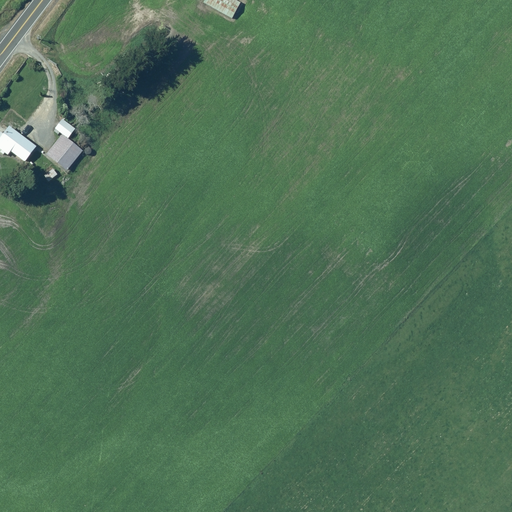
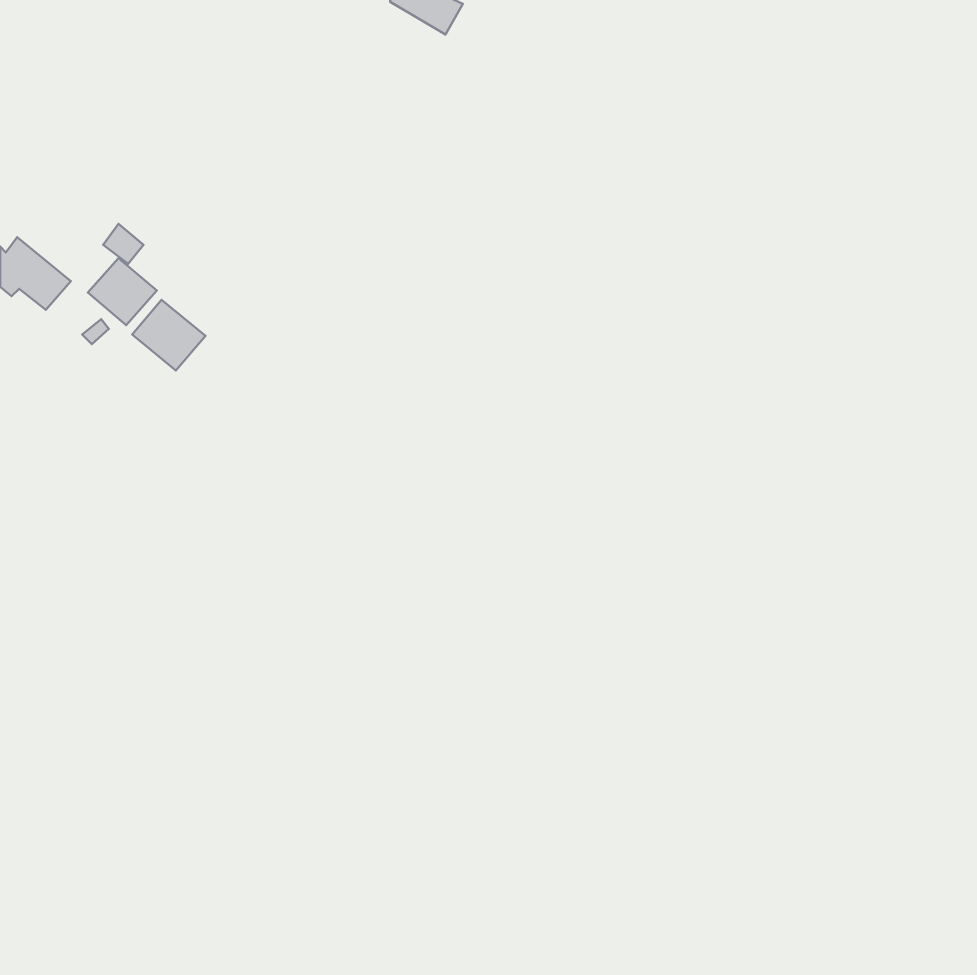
building: none -> [132,300,205,371]

